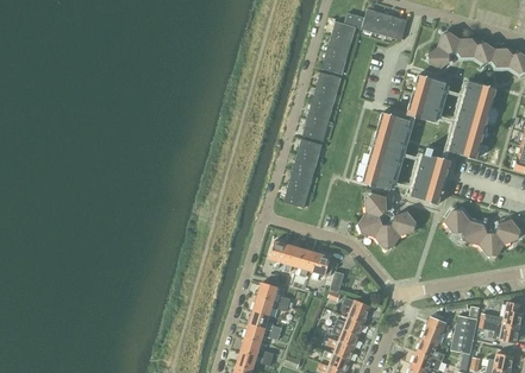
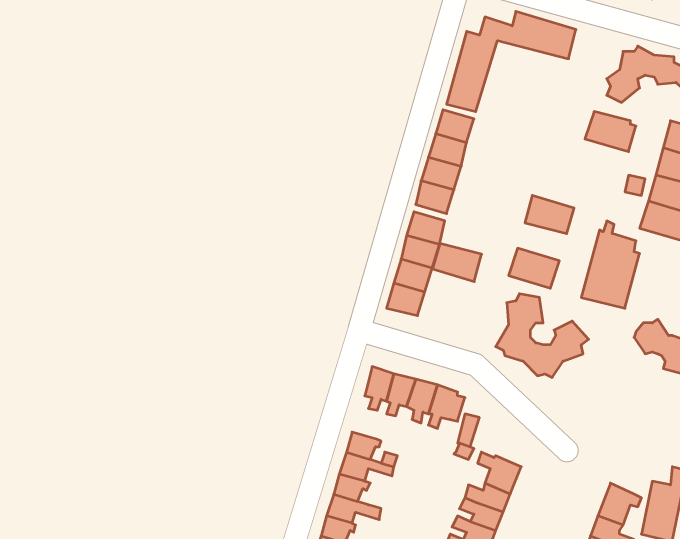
building: [408,91,442,118] -> none
building: [379,110,411,137] -> none
building: [369,146,401,171] -> [432,243,482,282]

